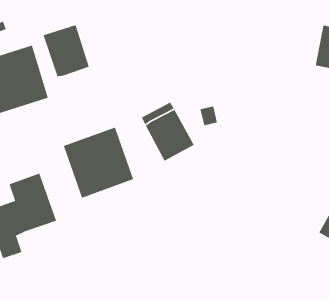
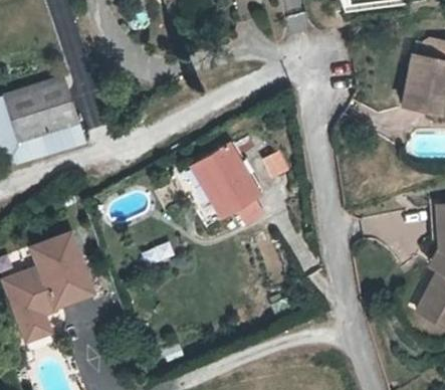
building: [43,24,90,77] -> none
building: [63,126,134,199] -> none

